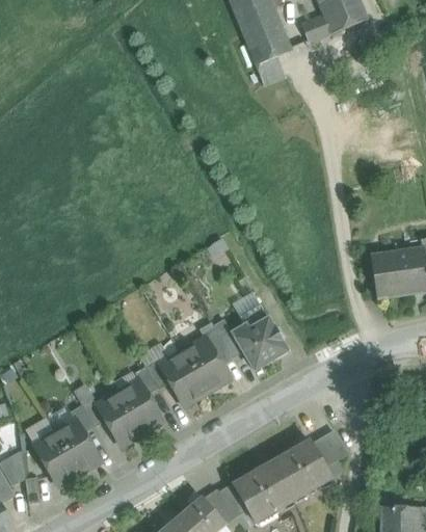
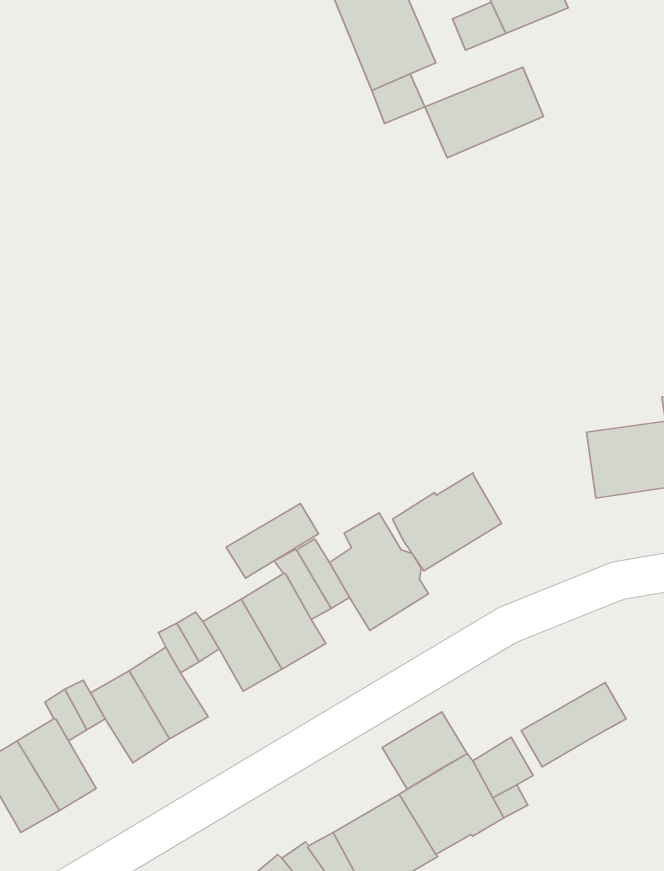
building: none -> [425,67,543,158]
building: none -> [392,473,501,571]
building: none -> [226,503,319,578]
building: none -> [521,682,626,767]
building: none -> [382,712,467,789]

